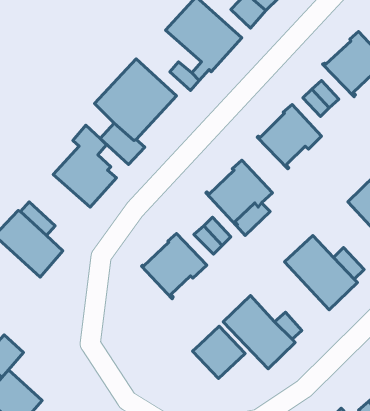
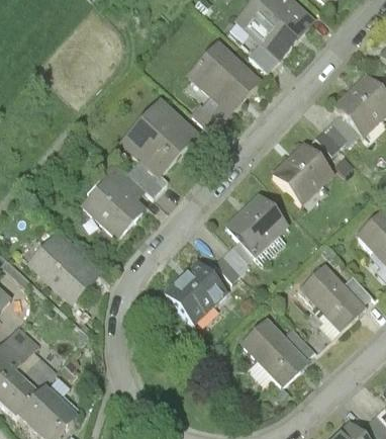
building: [192,326,245,378] -> none

